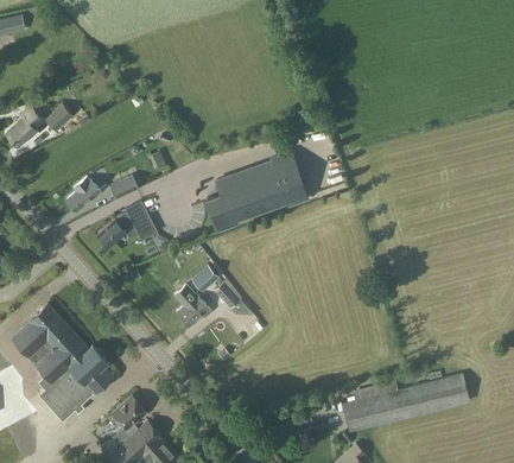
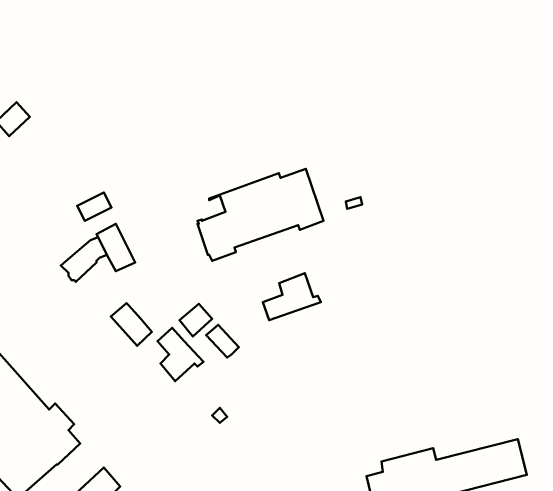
building: [65,178,100,211] -> none
building: none -> [263,273,321,320]
building: none -> [111,303,152,346]

